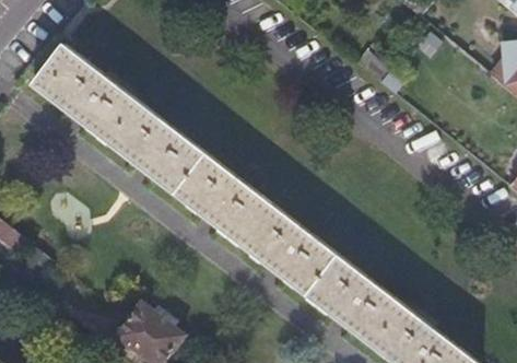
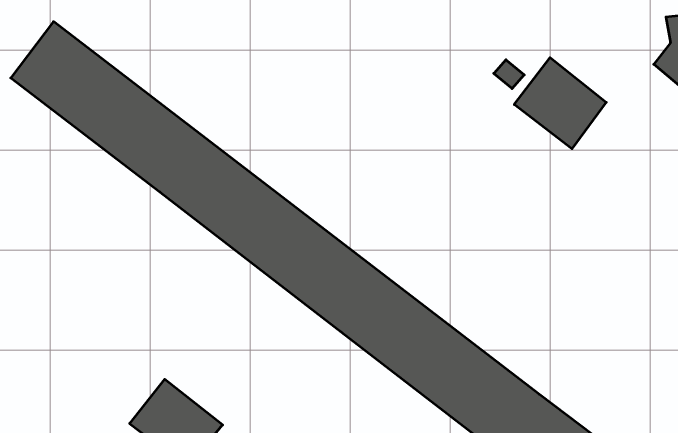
building: none -> [514,58,606,149]

